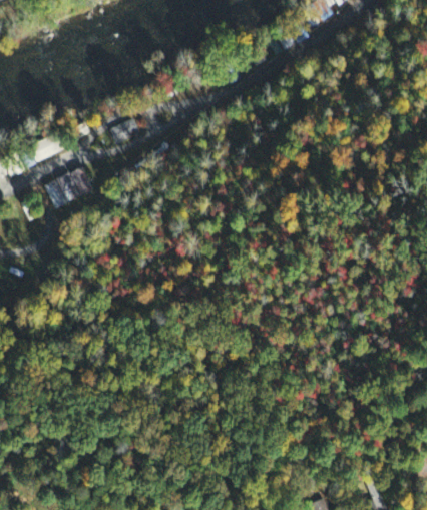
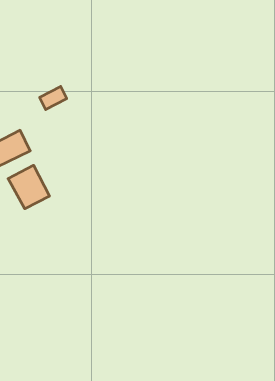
building: none -> [8,165,49,209]

